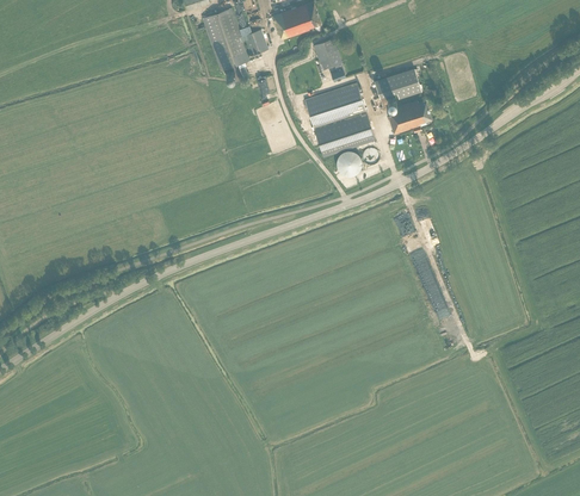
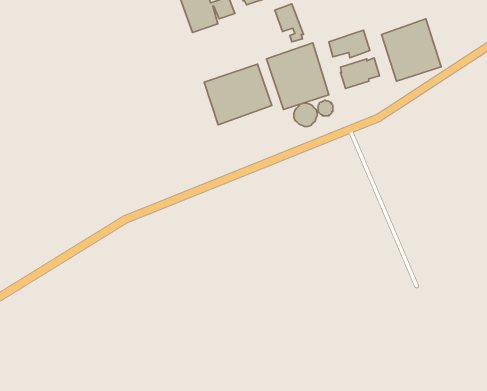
building: none -> [381,19,441,81]
building: none -> [204,64,272,125]

